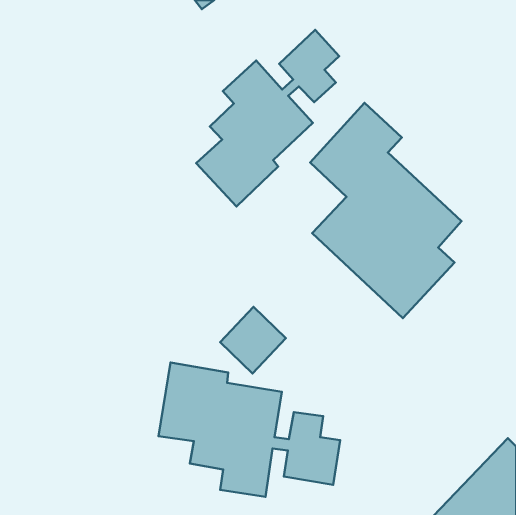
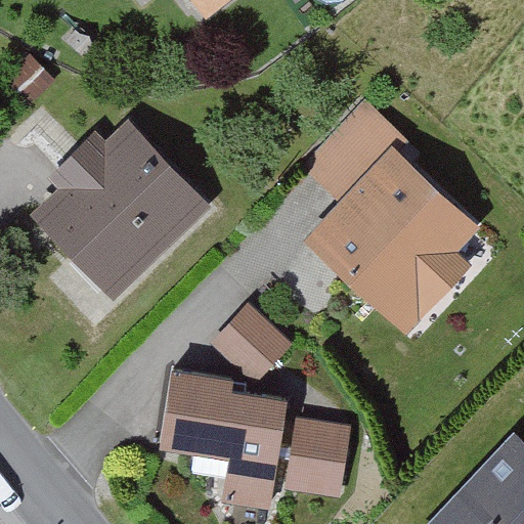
building: [196,30,339,206] -> none
building: none -> [42,134,199,287]

